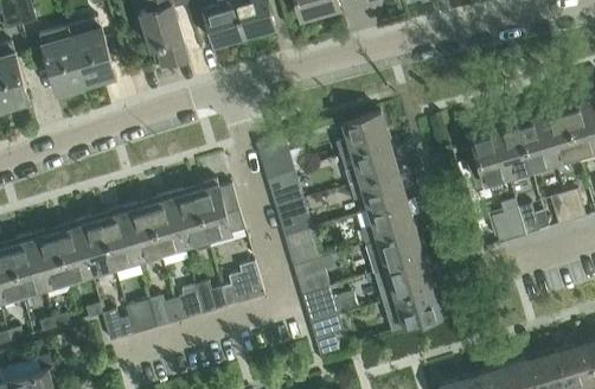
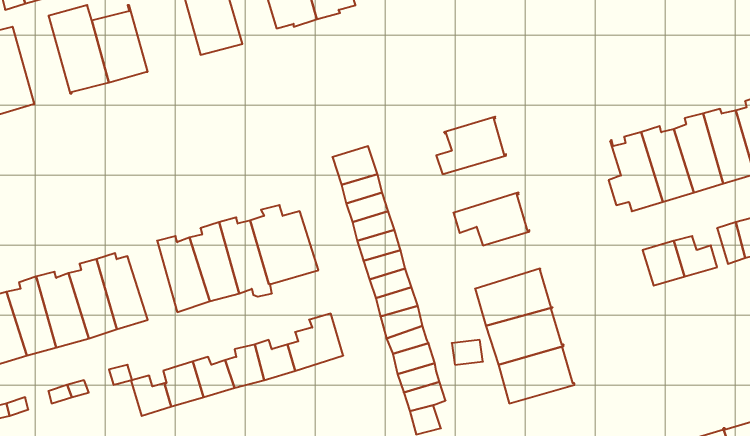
building: [340,144,398,187] -> none
building: [357,202,415,245] -> none
building: [100,209,137,269] -> none

